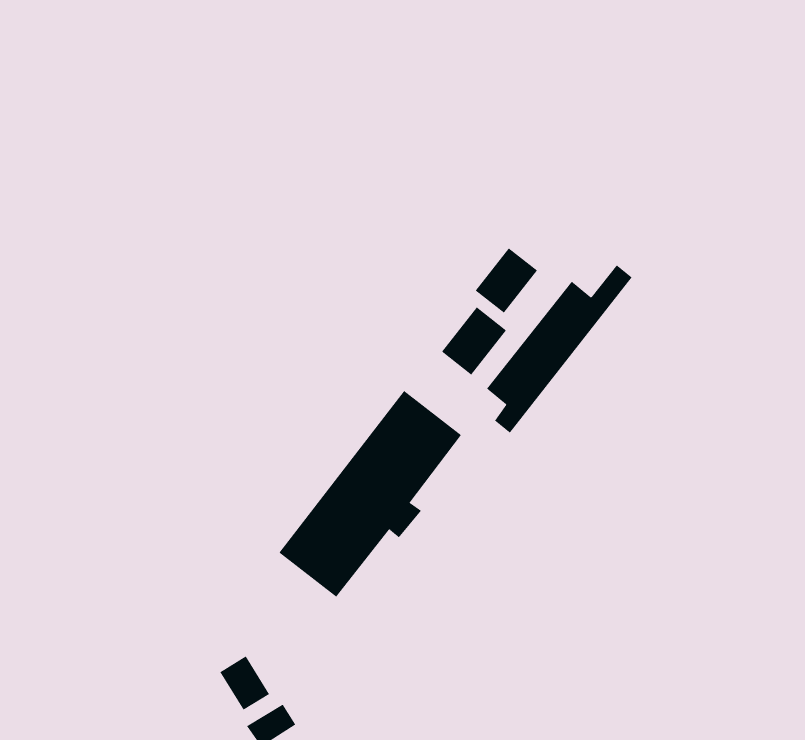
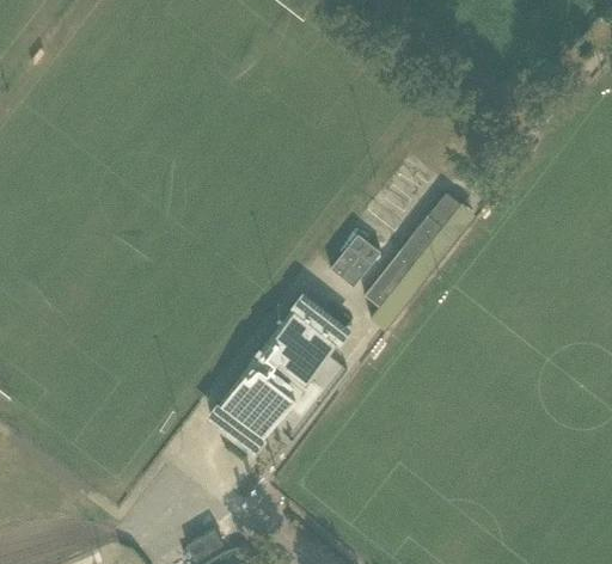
building: [475,247,538,314] -> none
building: [220,656,270,711] -> none

